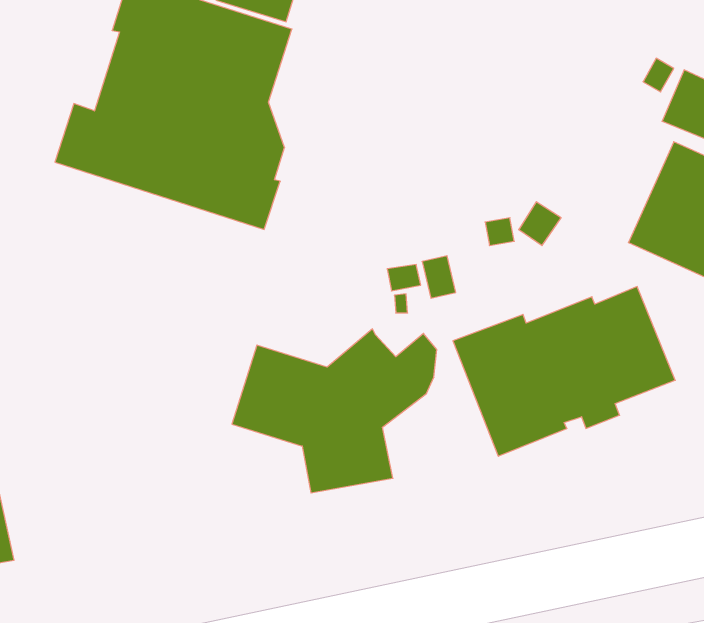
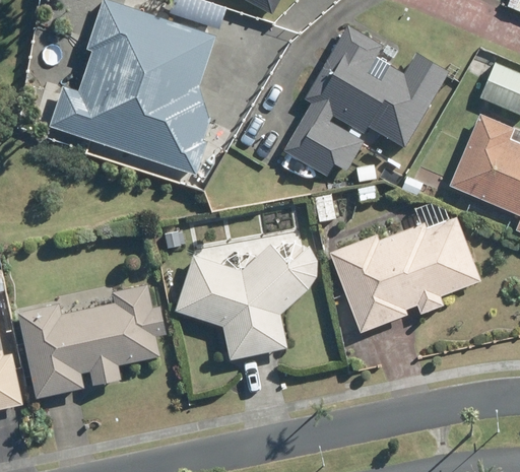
building: none -> [304,25,448,148]
building: none -> [282,110,364,177]
building: none -> [18,286,165,397]

